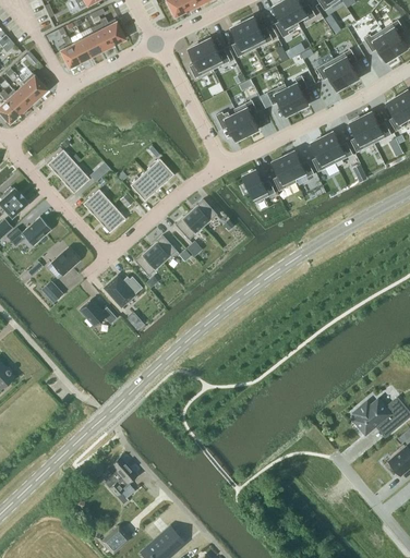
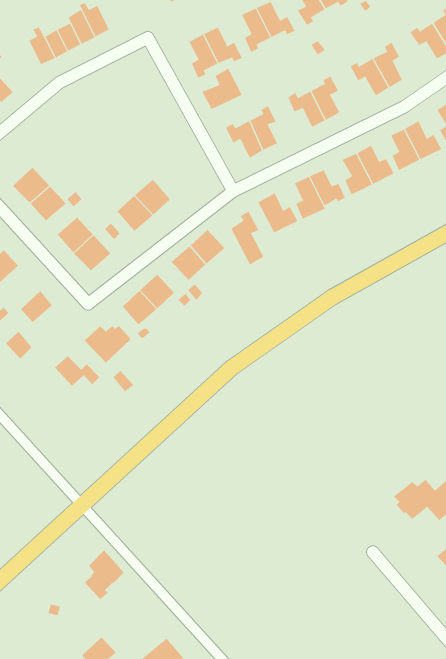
building: none -> [202,68,242,110]
building: none -> [231,210,264,265]

